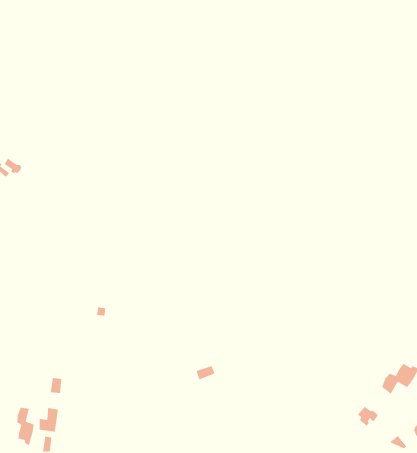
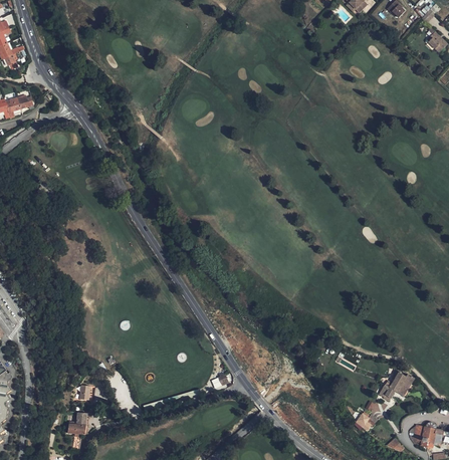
building: [16,407,35,446] -> none

